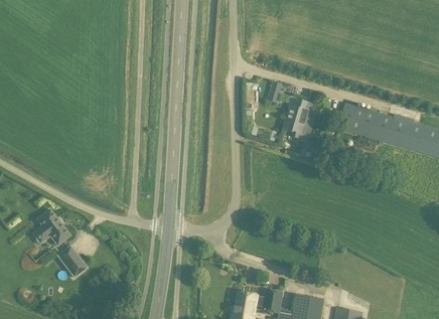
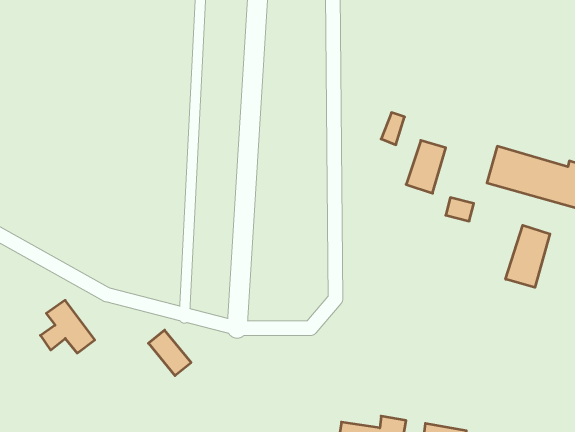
building: none -> [506,225,550,287]
building: [55,247,85,278] -> [148,330,191,376]

